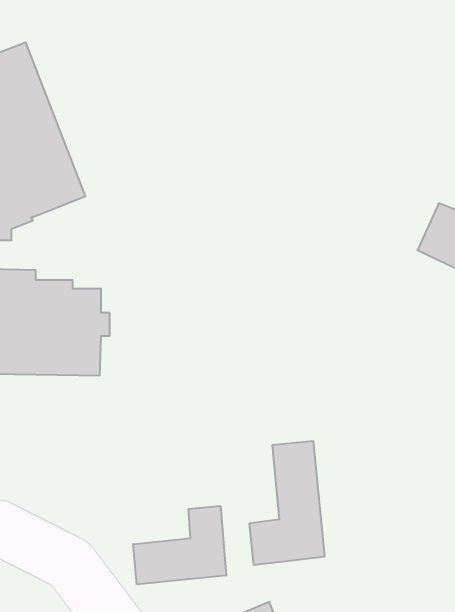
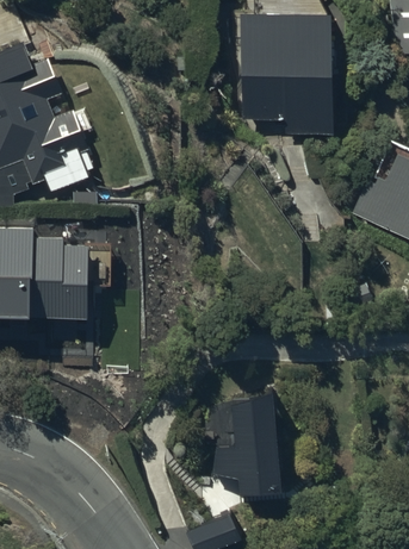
building: none -> [241,15,334,133]
building: [133,506,226,584] -> none

